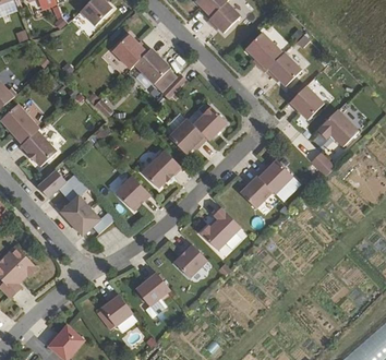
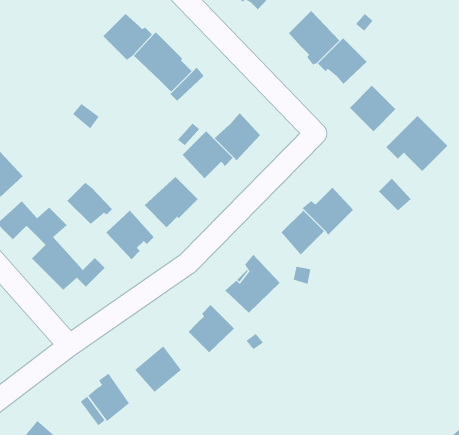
building: none -> [67,182,113,225]

